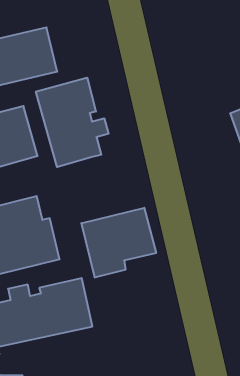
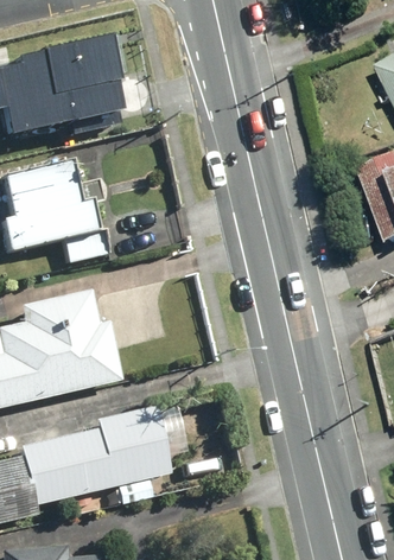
building: [36,78,109,167] -> none
building: [81,208,156,278] -> none

